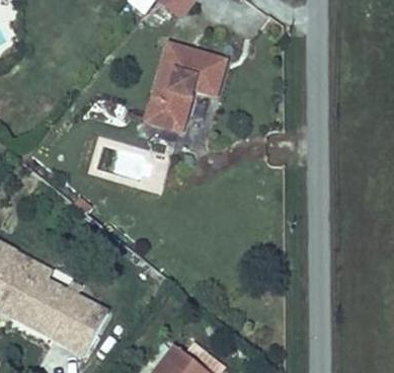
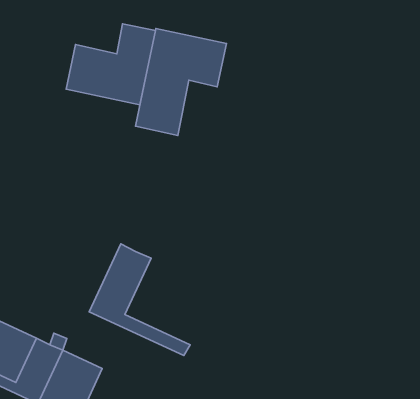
building: none -> [66,24,156,105]
building: none -> [89,244,190,355]

